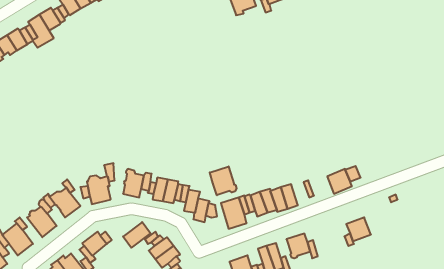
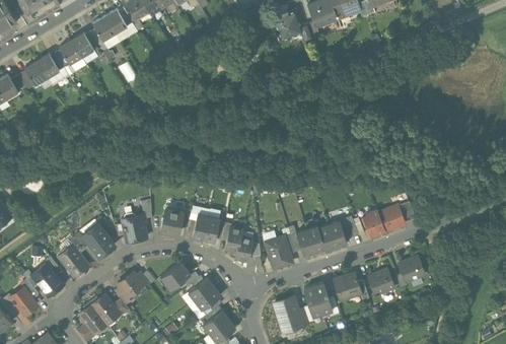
building: [210,166,237,195] -> none
building: none -> [361,209,385,236]
building: none -> [368,269,394,294]

